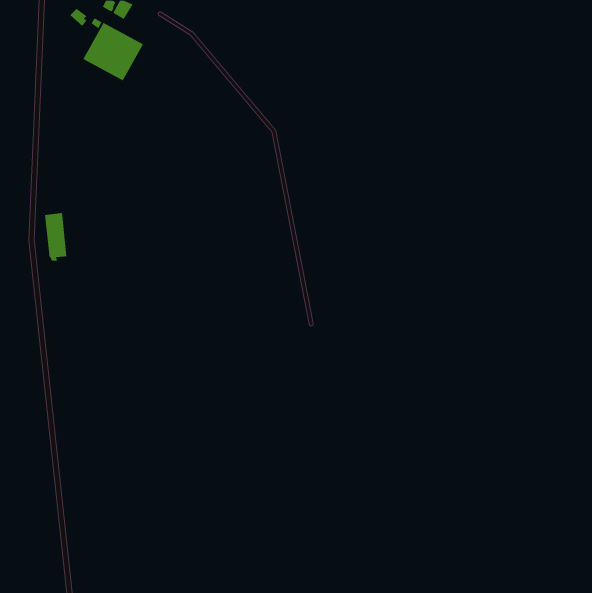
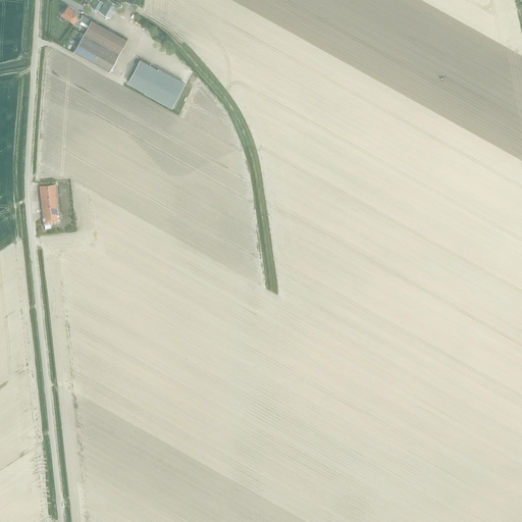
building: none -> [126,59,184,106]

